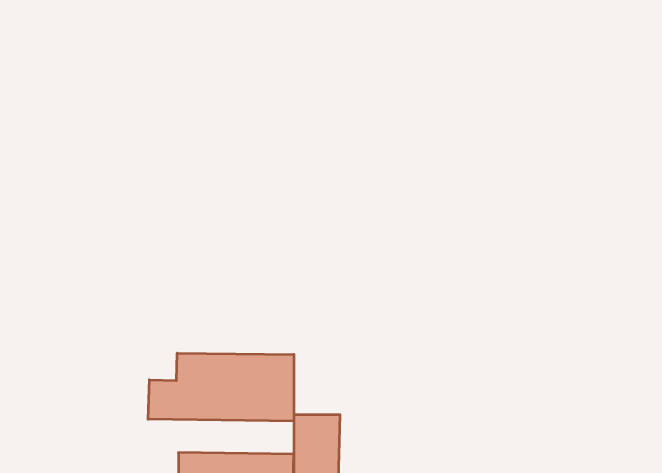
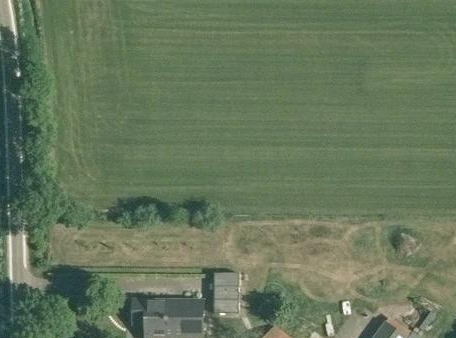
building: [148,353,294,421] -> none

